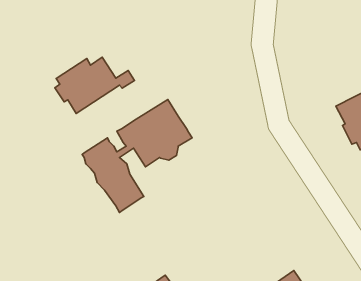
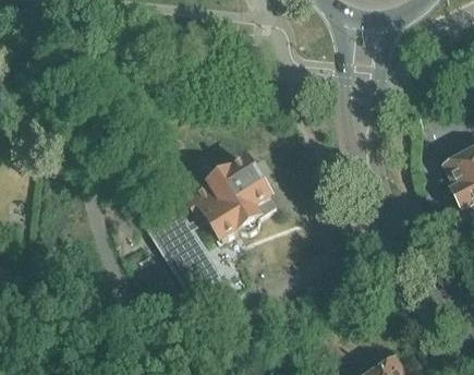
building: [55,57,135,114] -> none

